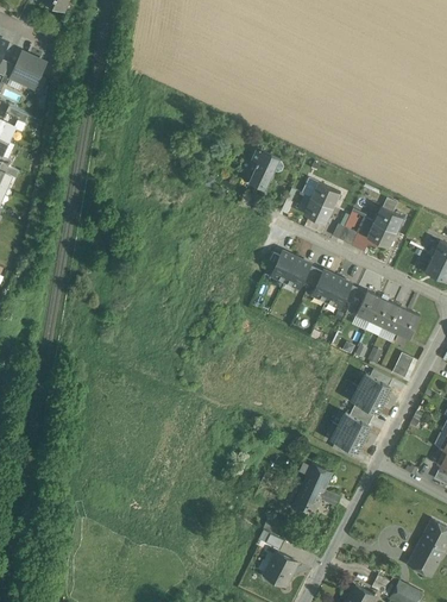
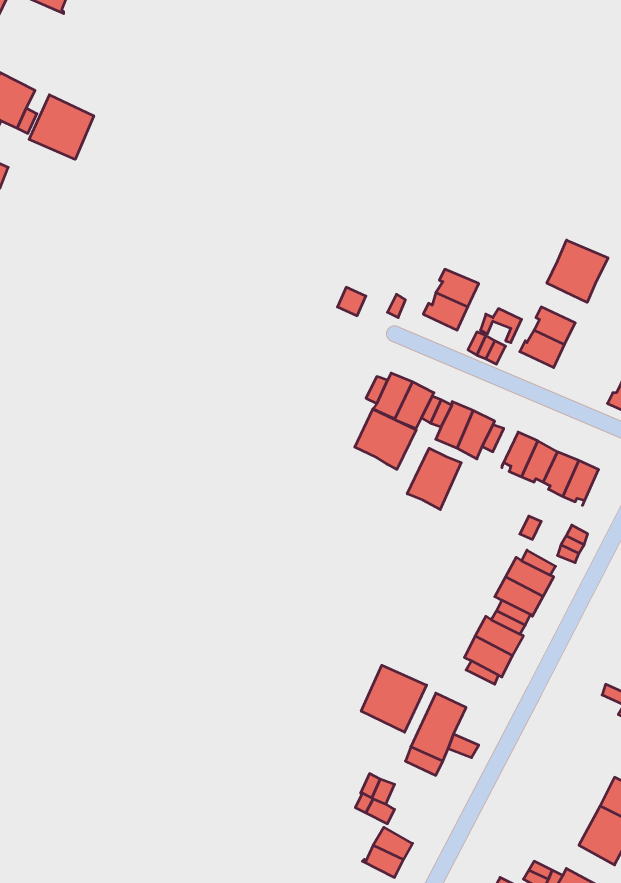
building: none -> [29,95,94,159]
building: [250,149,283,189] -> none
building: none -> [547,240,608,302]
building: none -> [355,409,416,469]
building: none -> [407,448,461,510]
building: none -> [361,665,427,732]

